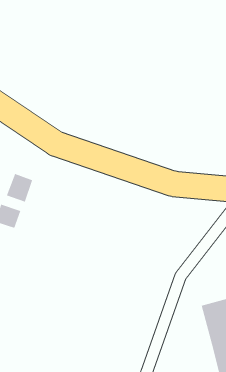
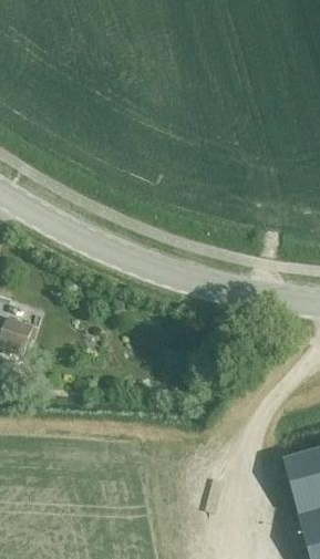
building: [6,173,33,202] -> none

